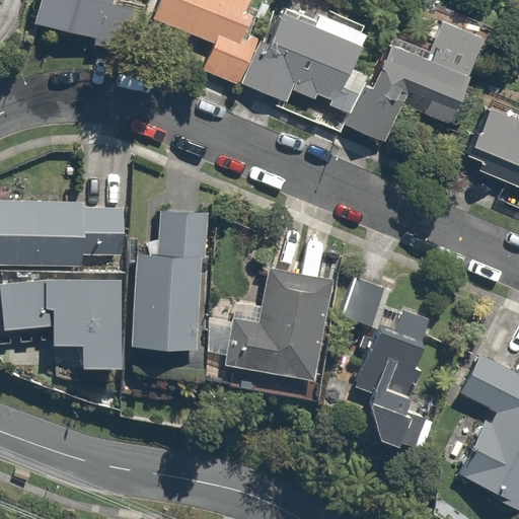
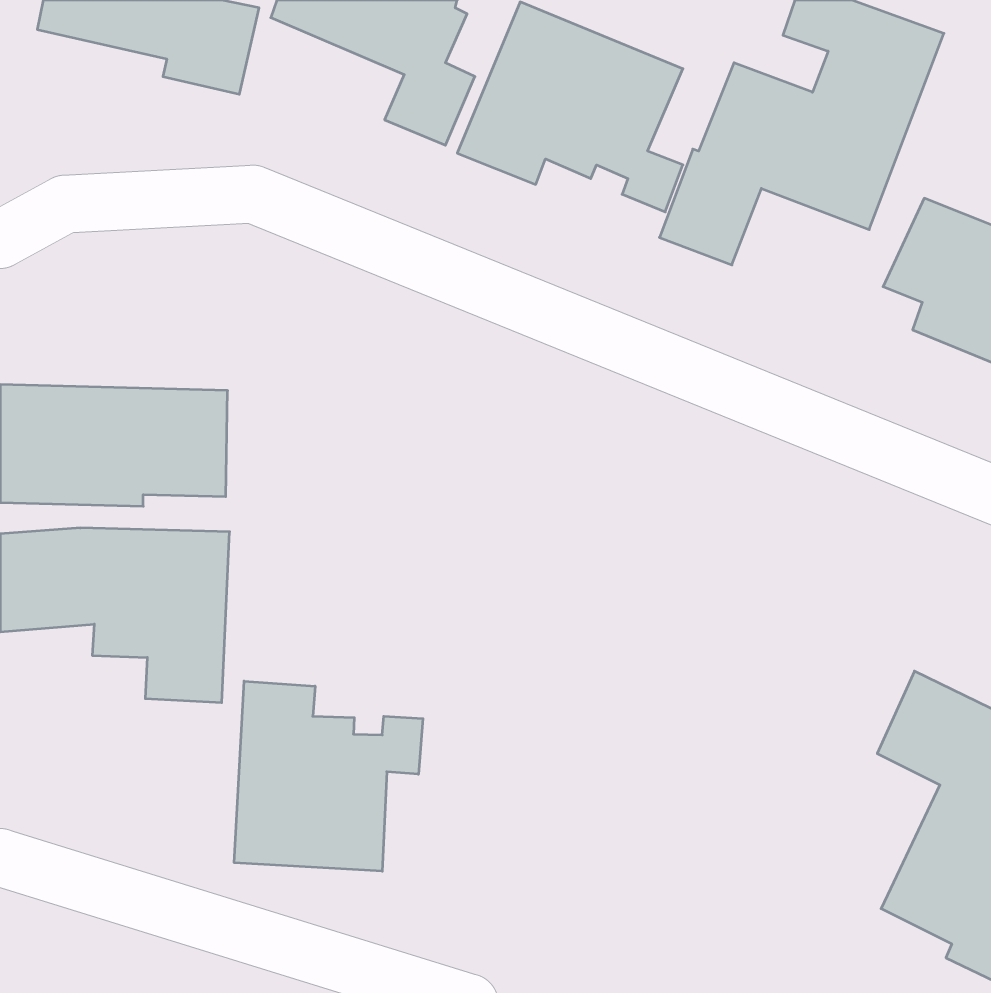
building: [132,212,211,351] -> none
building: [226,268,330,378] -> none
building: [339,281,436,442] -> none
building: none -> [234,681,423,871]

